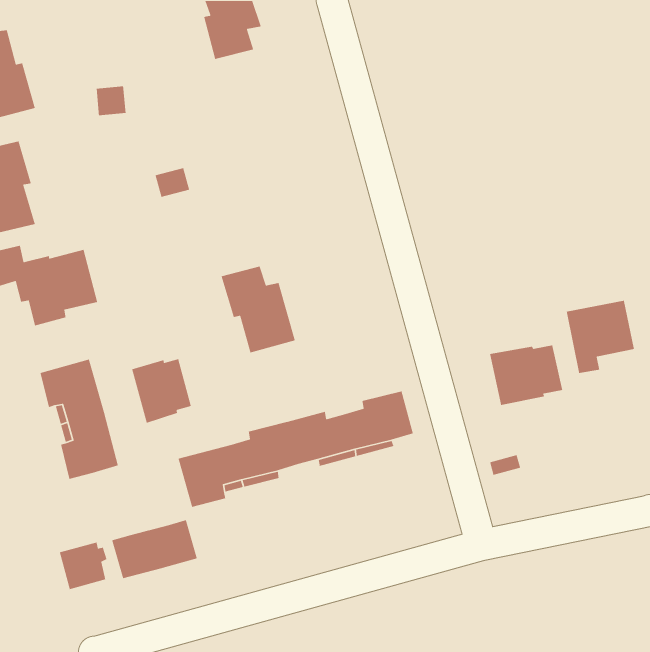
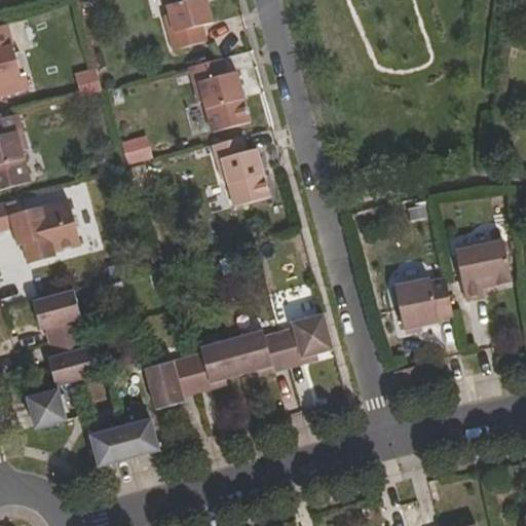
building: none -> [188,57,248,128]
building: [220,266,296,354] -> [211,136,271,206]
building: [131,358,192,424] -> none
building: [59,542,107,590] -> [27,389,66,428]

